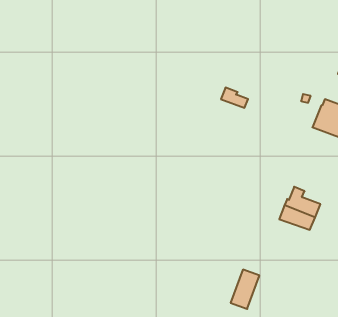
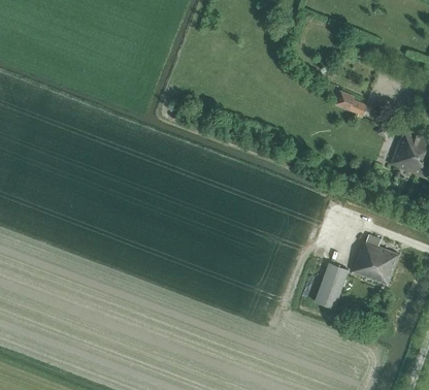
building: [221,88,248,108] -> [334,92,366,116]
building: [231,270,259,309] -> [314,262,348,308]

